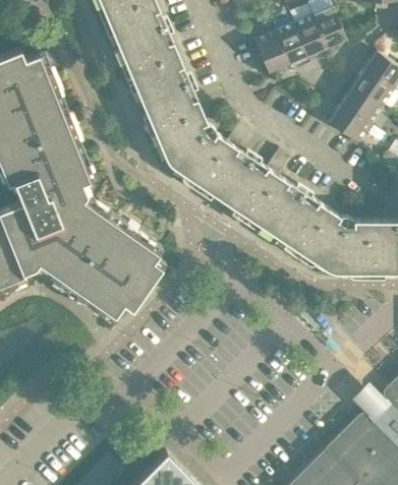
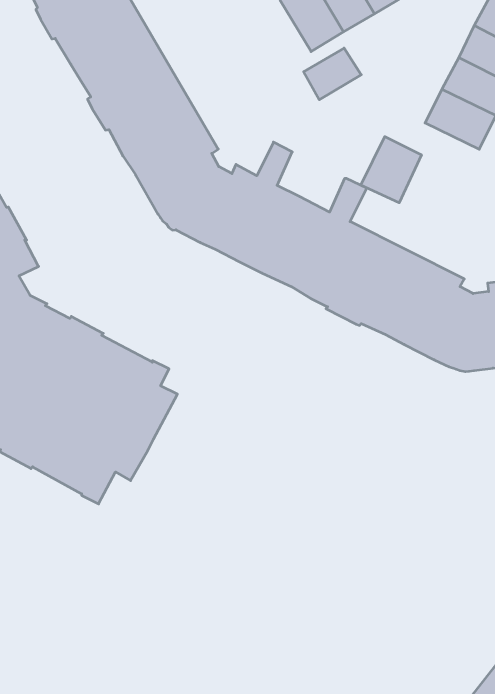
building: none -> [304,48,361,100]
building: none -> [361,137,421,203]

